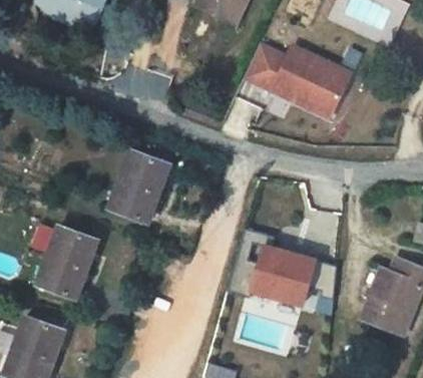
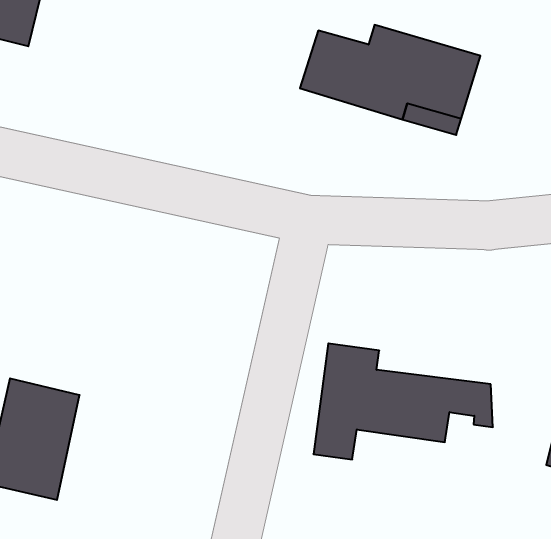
building: [108,149,169,224] -> none

